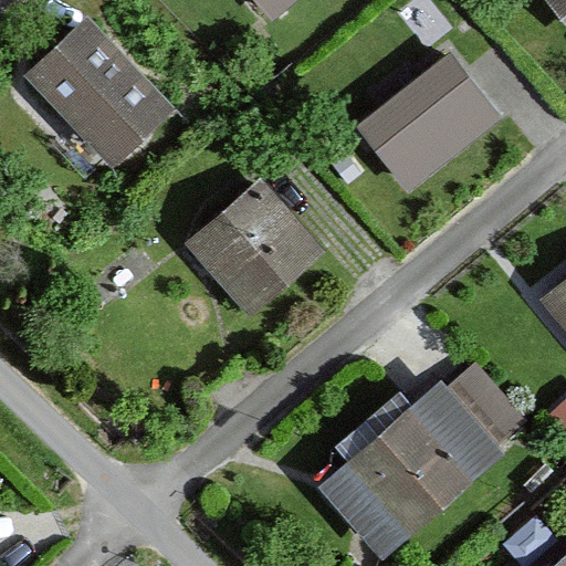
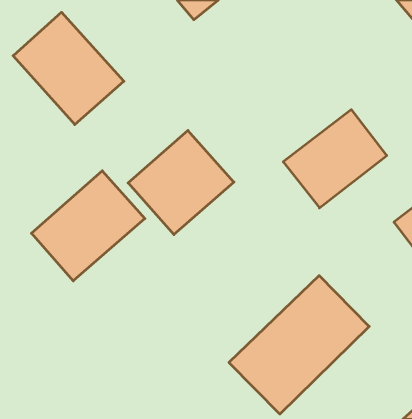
building: [357,56,496,189] -> [283,110,387,208]
building: none -> [31,171,145,281]

